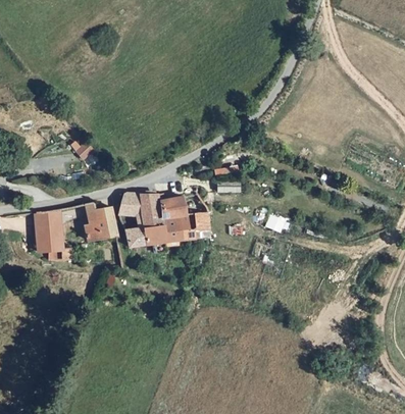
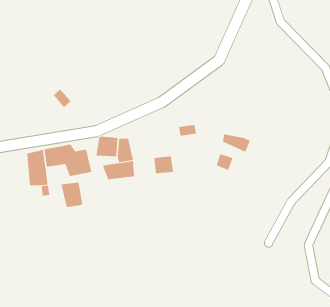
building: none -> [223,134,250,153]
building: [161,197,190,241] -> none
building: none -> [61,182,83,208]

